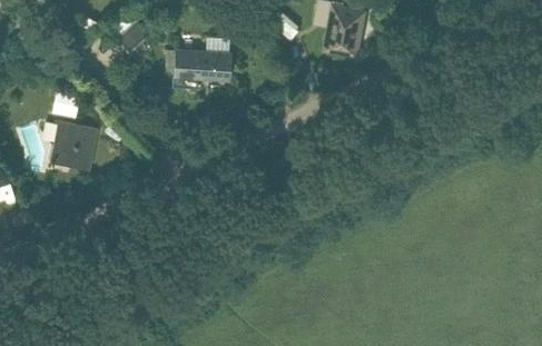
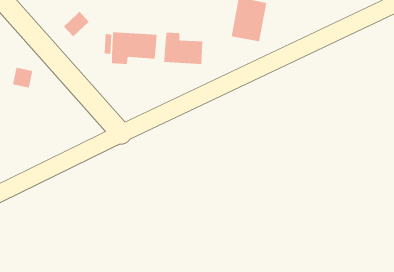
building: none -> [164,32,203,65]
building: [49,120,98,170] -> none

